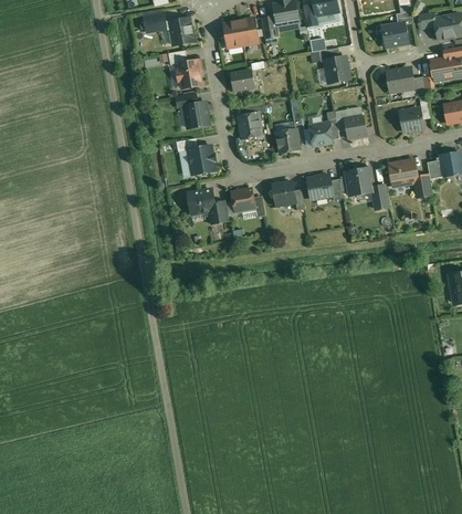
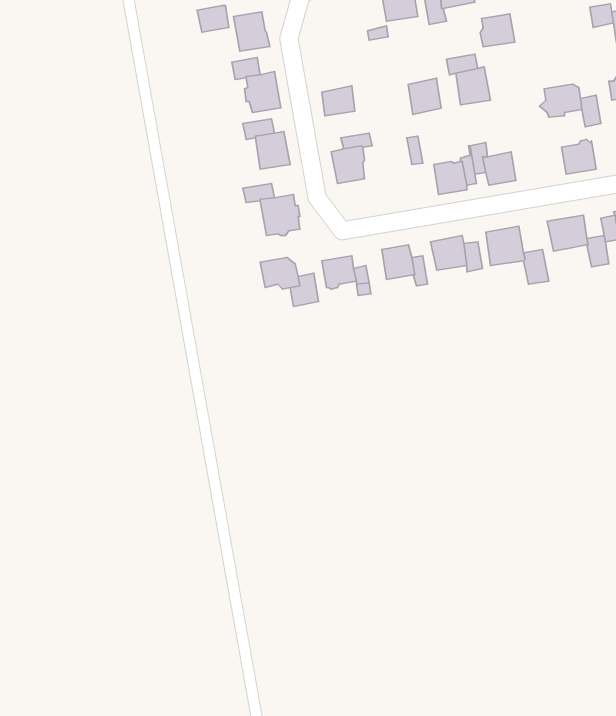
building: [223,18,259,48] -> none
building: [384,23,408,46] -> [480,14,515,47]
building: [276,128,300,154] -> [408,78,441,114]

